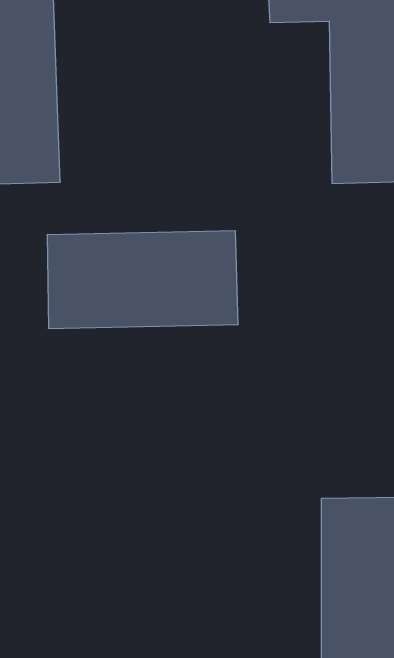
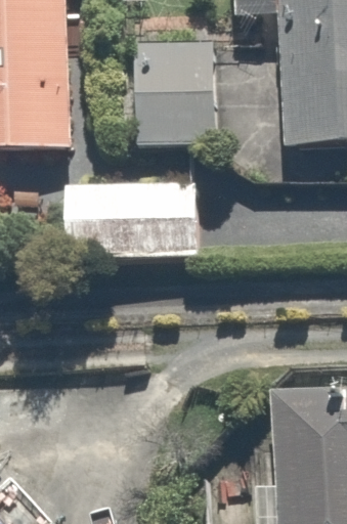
building: none -> [130,49,221,142]

